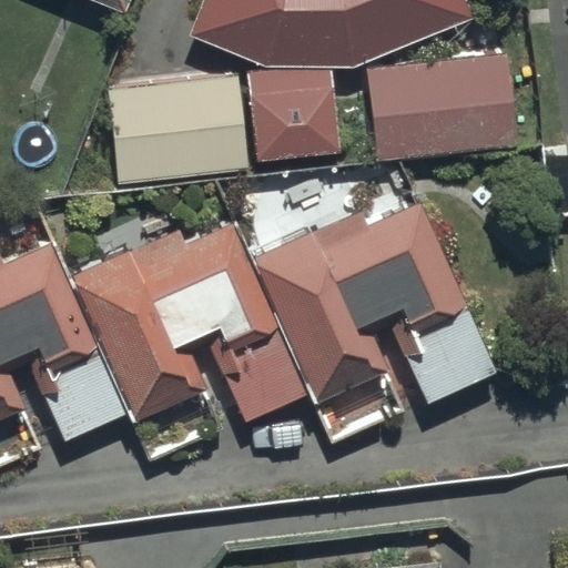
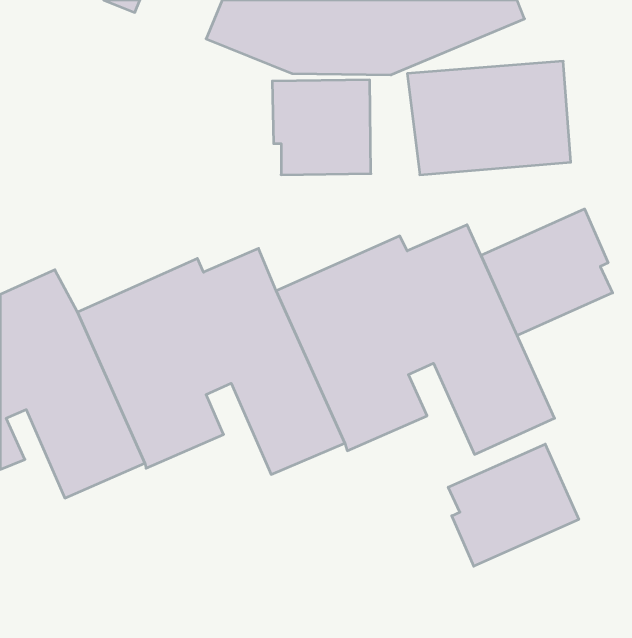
building: [110,75,246,182] -> none
building: none -> [481,209,613,335]
building: none -> [448,444,579,566]

